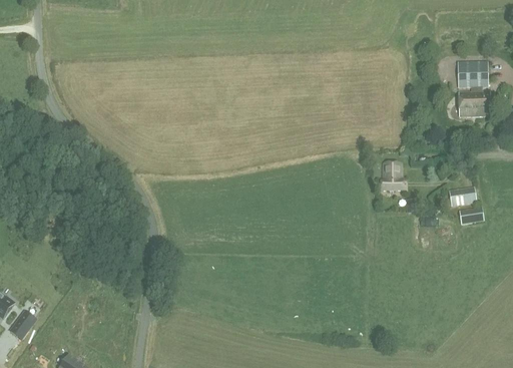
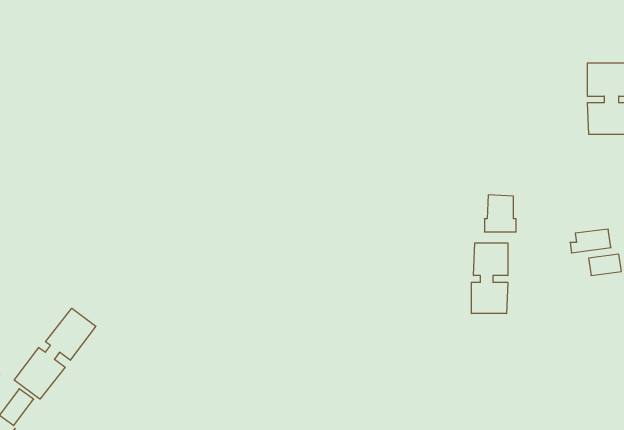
building: none -> [471,243,508,314]
building: none -> [14,308,96,399]

